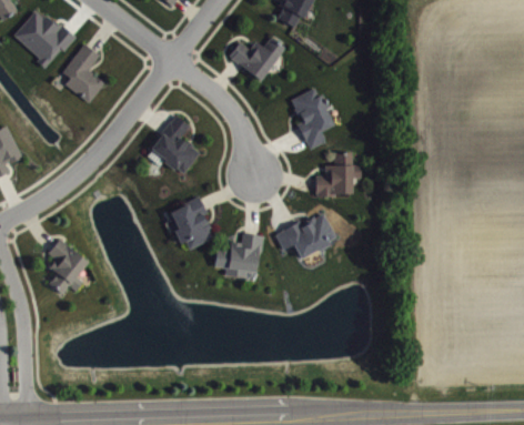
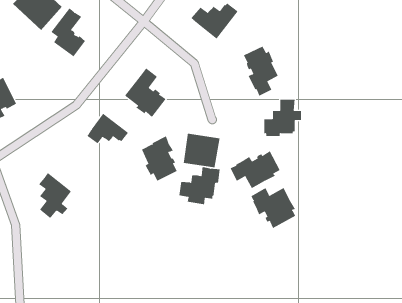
building: none -> [87,113,129,144]
building: none -> [183,133,220,168]
building: none -> [250,187,296,229]

